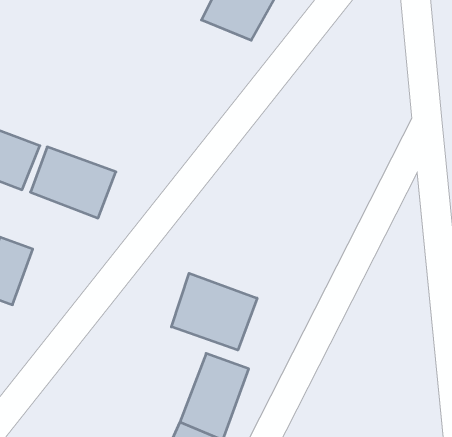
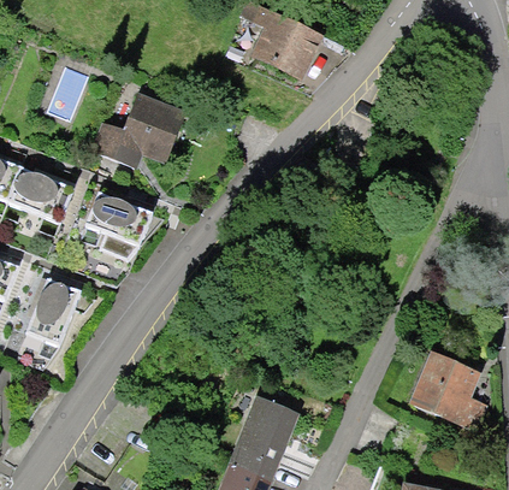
building: none -> [102,94,194,170]
building: [171,273,257,350] -> none
building: none -> [413,359,483,425]

